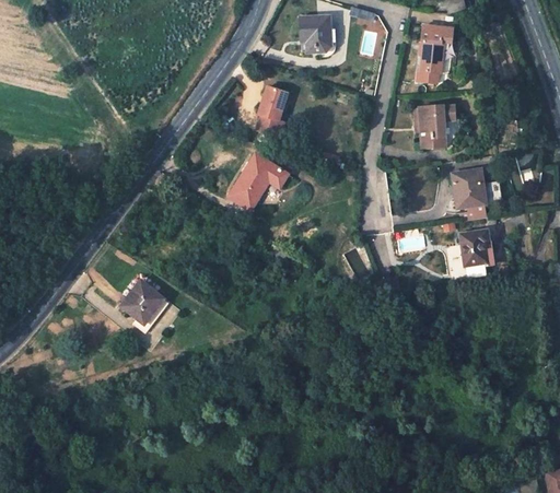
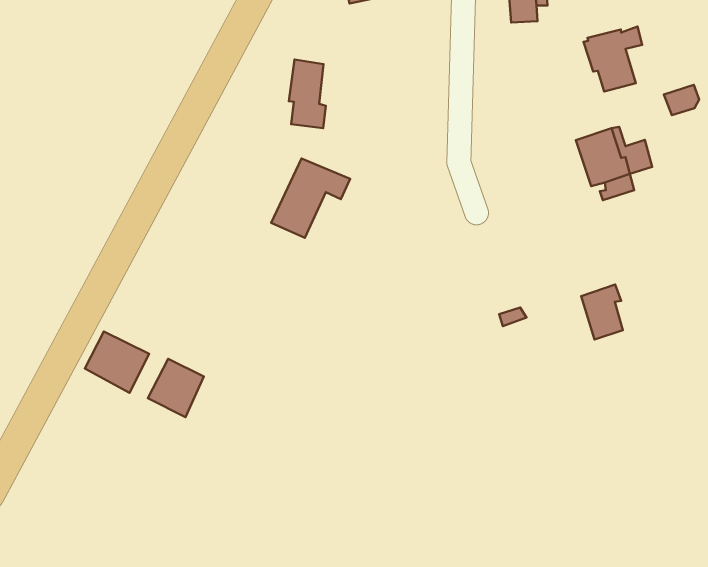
building: [412,106,453,148] -> [584,27,642,92]
building: [462,228,489,265] -> [581,284,623,340]
building: none -> [85,332,149,393]

